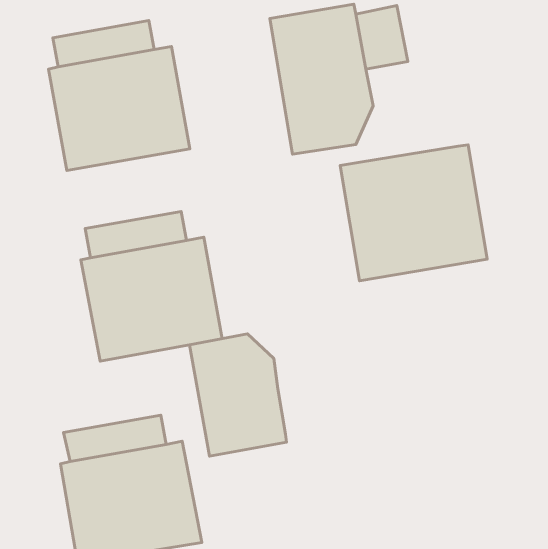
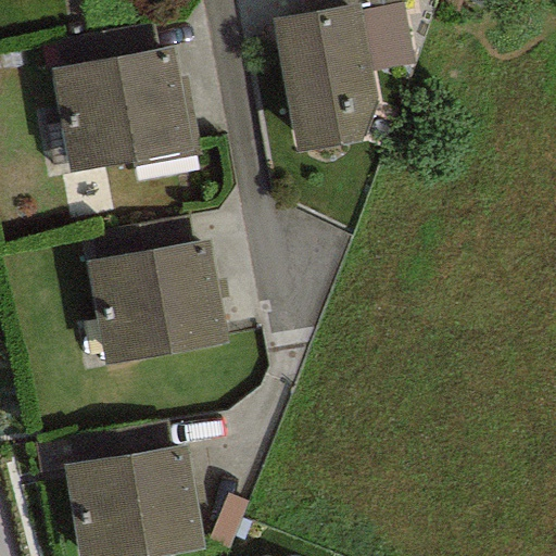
building: [340,145,487,281] -> none
building: [189,334,286,456] -> none

